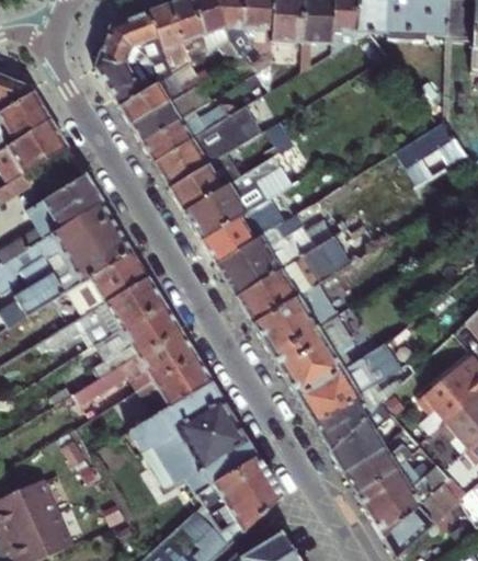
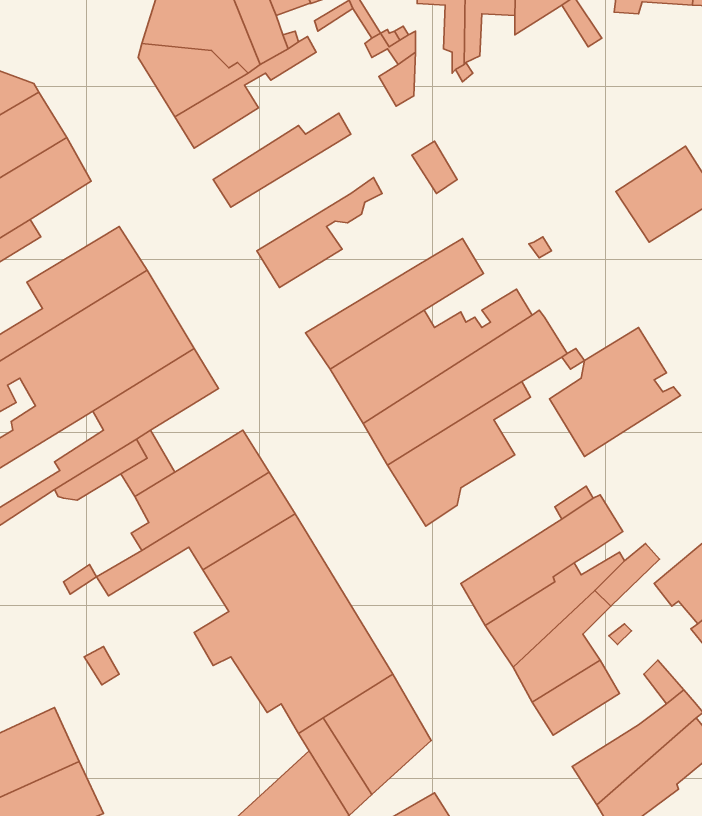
building: [132,76,216,145] -> none
building: [155,101,262,190] -> none
building: [185,157,284,241] -> none
building: [104,276,162,329] -> none
building: [277,318,360,399] -> [550,328,680,456]
building: [357,468,411,514] -> none

